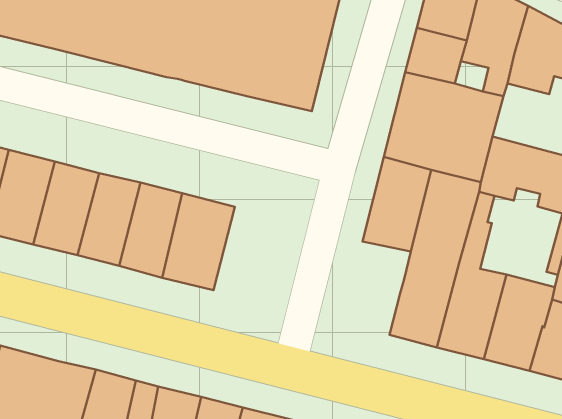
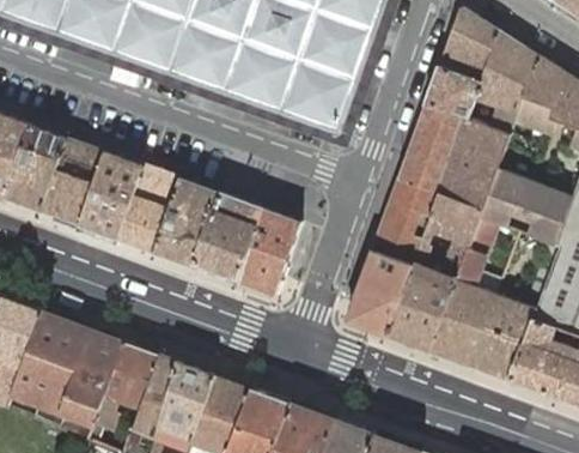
building: none -> [236,209,300,295]
building: none -> [347,250,414,336]

